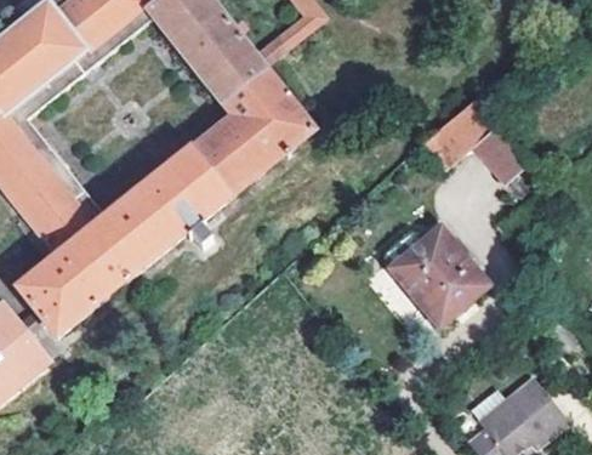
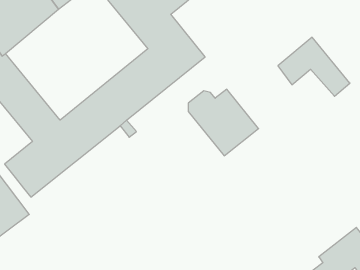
building: [386,227,490,325] -> [188,89,259,156]

